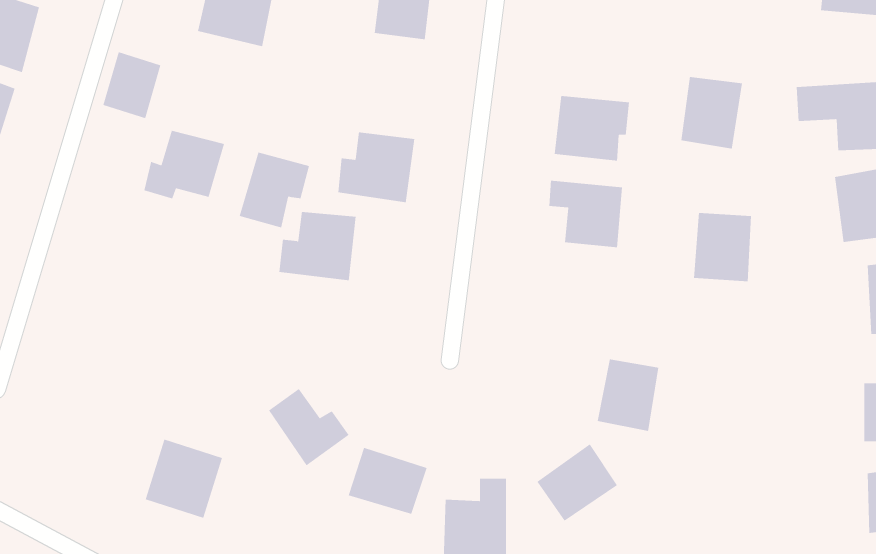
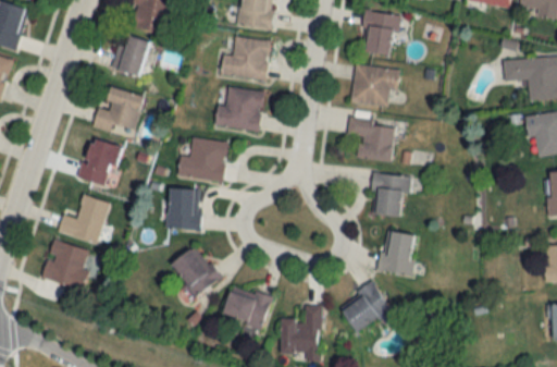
building: none -> [220,36,270,79]
building: [102,51,161,119] -> [112,33,149,75]
building: [680,76,743,149] -> [359,10,398,56]
building: [239,152,310,228] -> [77,136,122,184]
building: [693,212,752,282] -> [370,172,407,216]
building: none -> [166,187,201,230]
building: none -> [58,194,109,243]
building: [145,439,223,518] -> [41,238,90,289]

